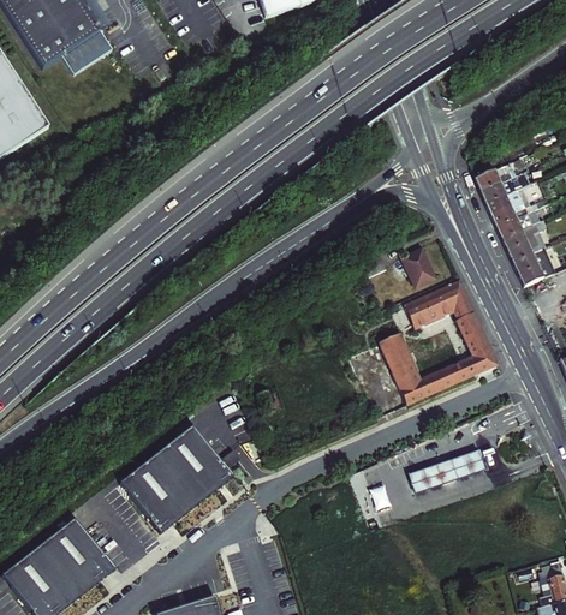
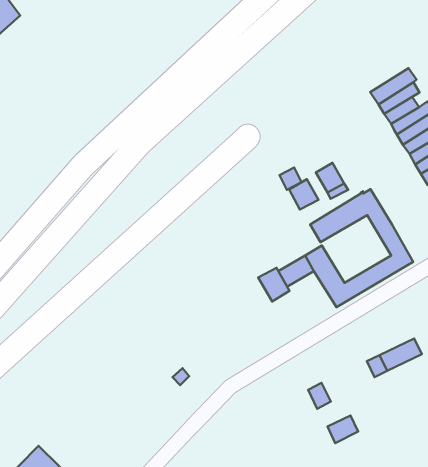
building: none -> [289,179,318,210]
building: none -> [258,268,289,301]
building: [123,425,236,533] -> none
building: [409,467,441,495] -> [327,416,358,443]

